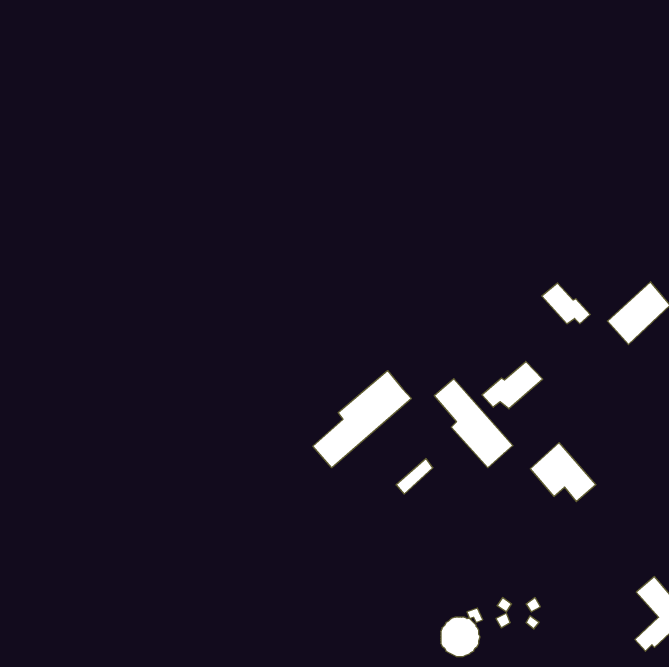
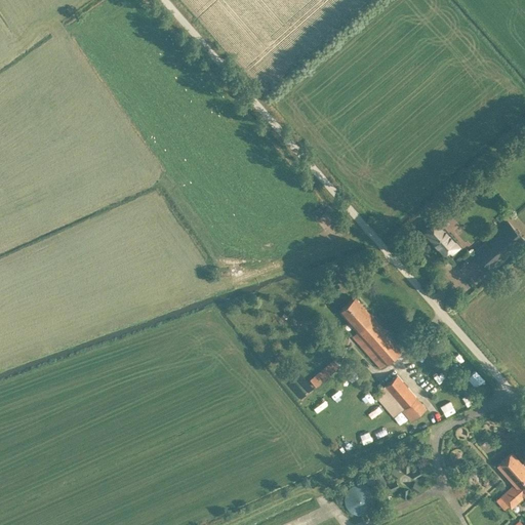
building: [482,361,543,409] -> none
building: [313,371,411,468] -> none
building: [530,443,596,502] -> [375,376,427,422]

